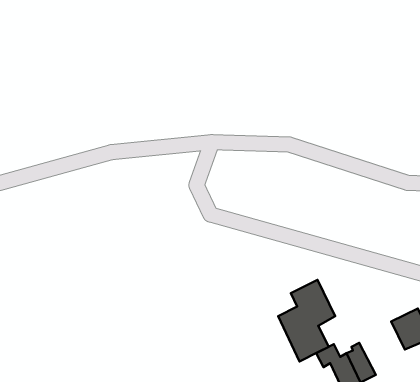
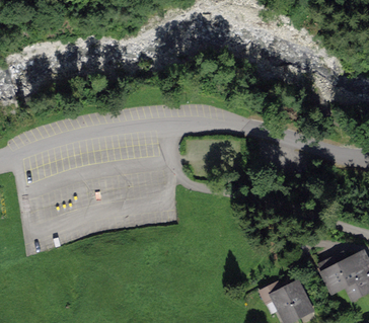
building: [278,280,335,361] -> none

